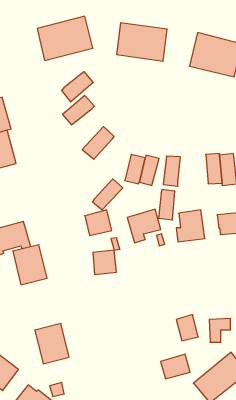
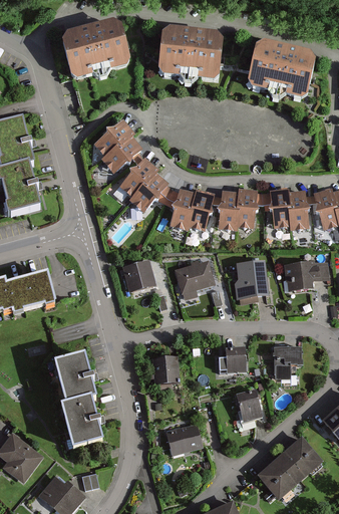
building: [61,72,93,102] -> [103,136,142,173]
building: [92,179,123,210] -> [131,173,168,211]
building: [159,190,175,220] -> [237,191,257,228]
building: [13,245,47,285] -> [56,355,98,405]
building: [93,250,117,275] -> [151,355,181,386]
building: none -> [225,348,248,379]
building: [209,319,231,342] -> [275,347,301,376]
building: [161,354,190,379] -> [164,424,201,454]

